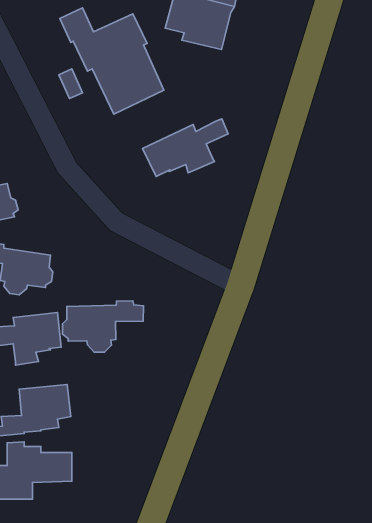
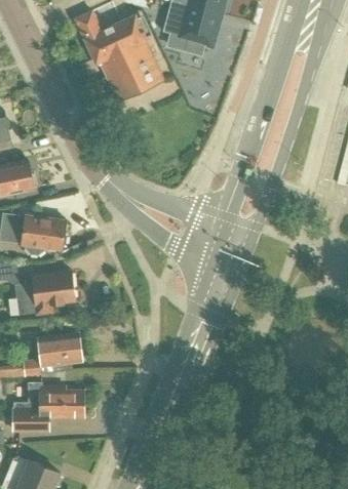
building: [143,119,228,176] -> none
building: [62,301,144,352] -> none

